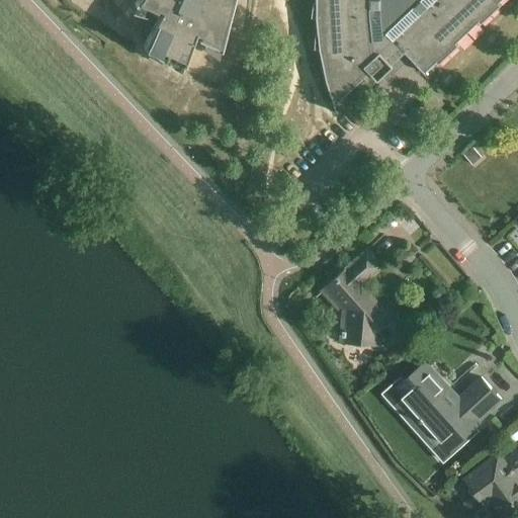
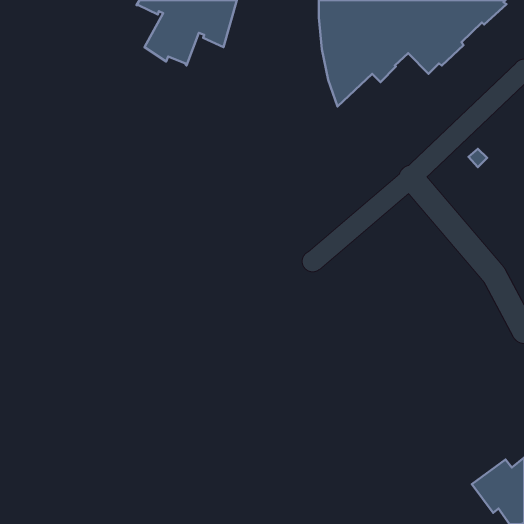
building: [325,251,387,342] -> none
building: [394,361,502,451] -> none

